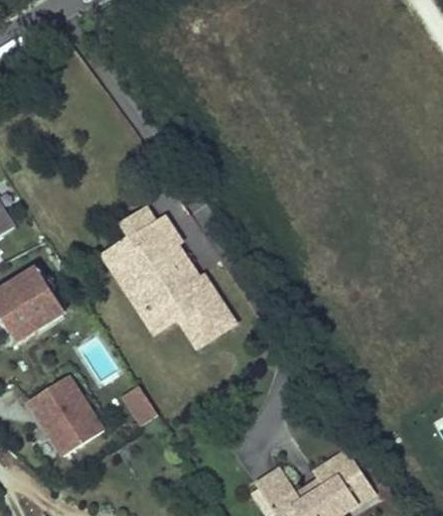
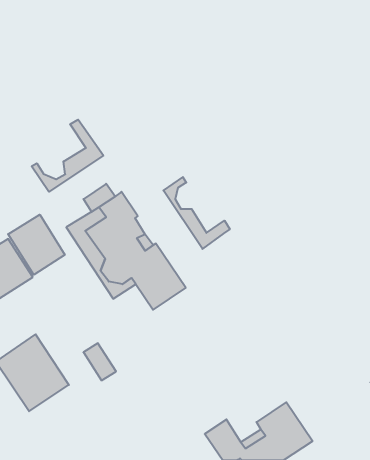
building: none -> [32,120,103,192]
building: none -> [163,177,230,249]
building: none -> [8,215,65,275]

